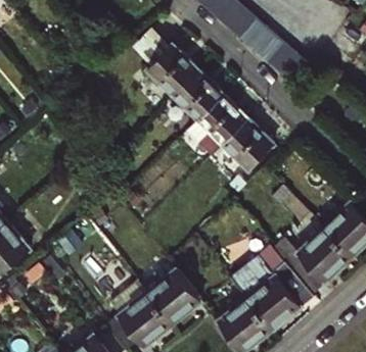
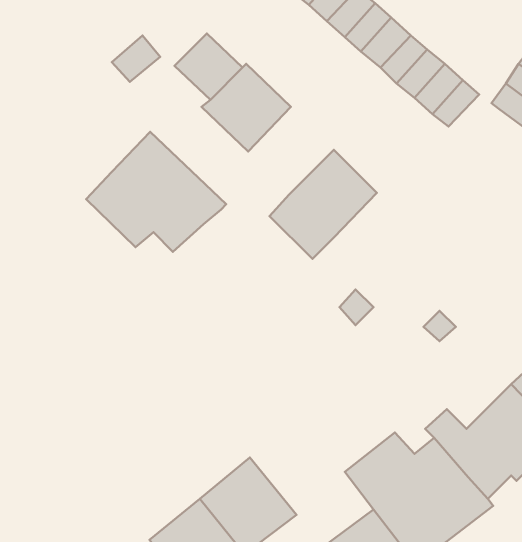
building: [175,69,224,119] -> none
building: none -> [86,132,226,252]
building: [224,118,273,168] -> none

